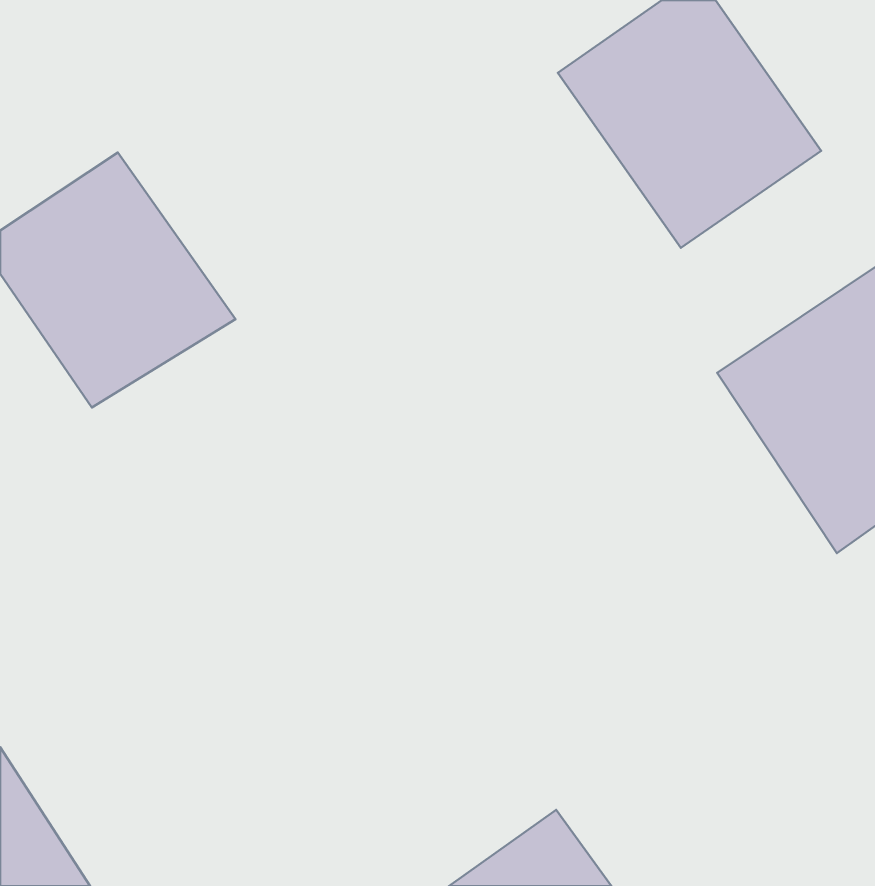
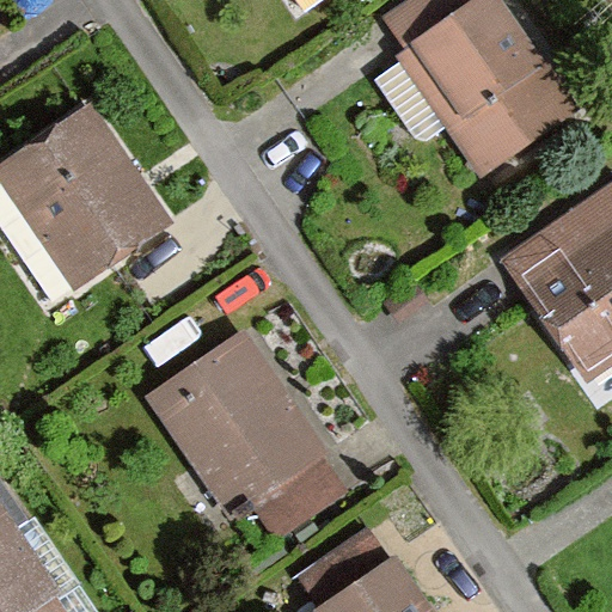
building: none -> [143,329,354,547]

